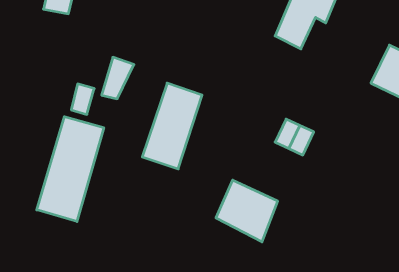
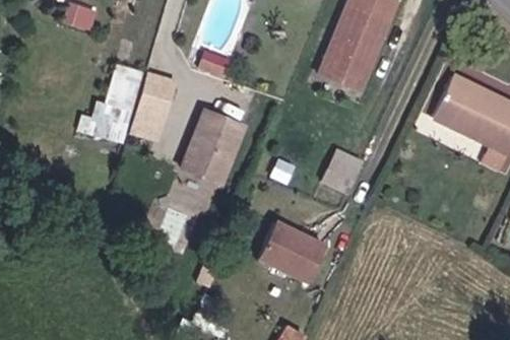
building: none -> [321,37,382,86]
building: none -> [102,70,138,115]
building: [37,117,104,222] -> none

